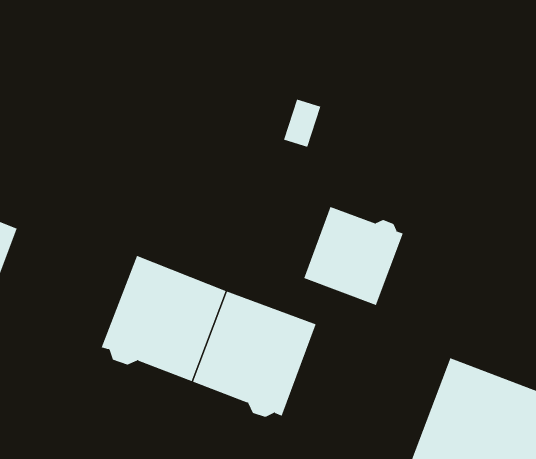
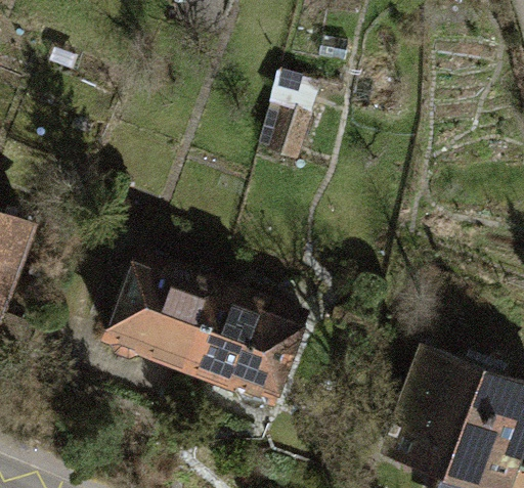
building: [303,206,404,306] -> none

